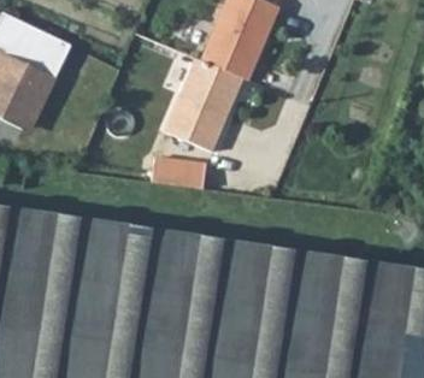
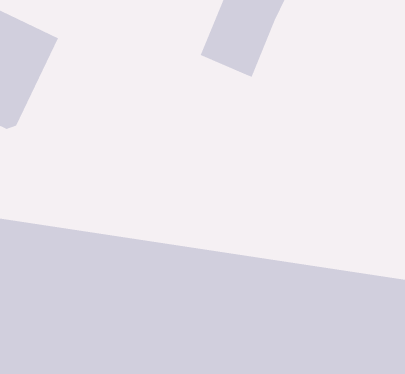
building: [164,54,243,148] -> none
building: [152,154,207,185] -> none

